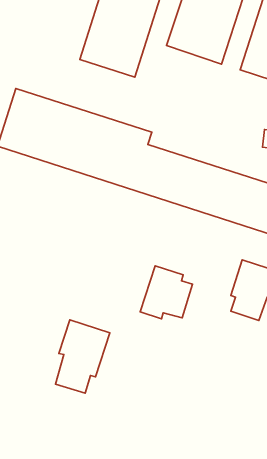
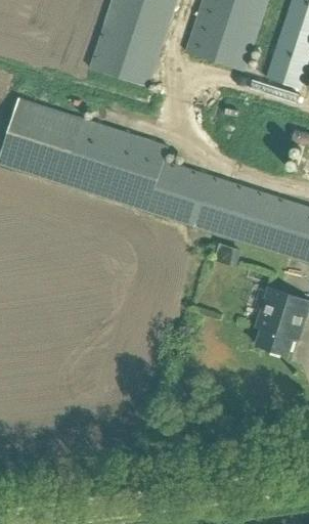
building: [140,266,193,319] -> none
building: [55,320,110,393] -> none

